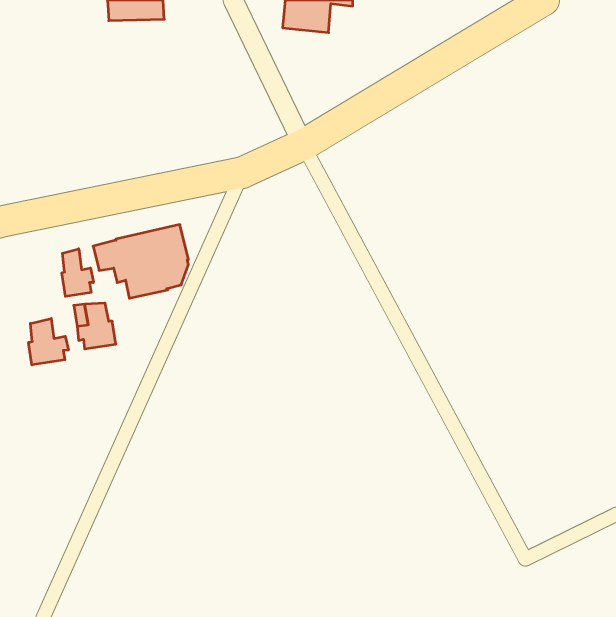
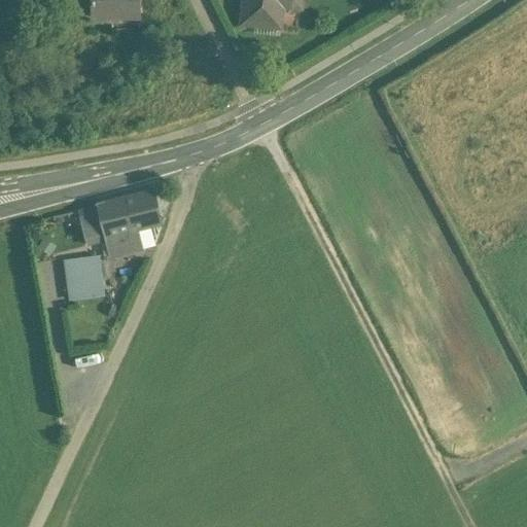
building: [62,249,93,296] -> none
building: [29,318,68,365] -> none

